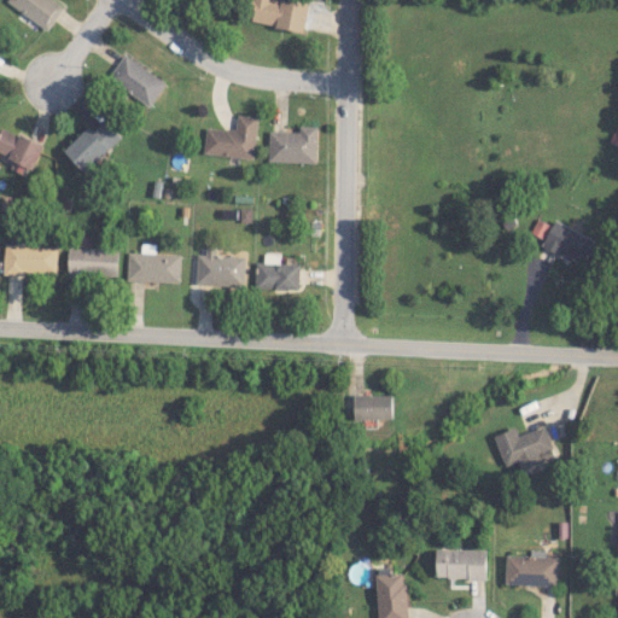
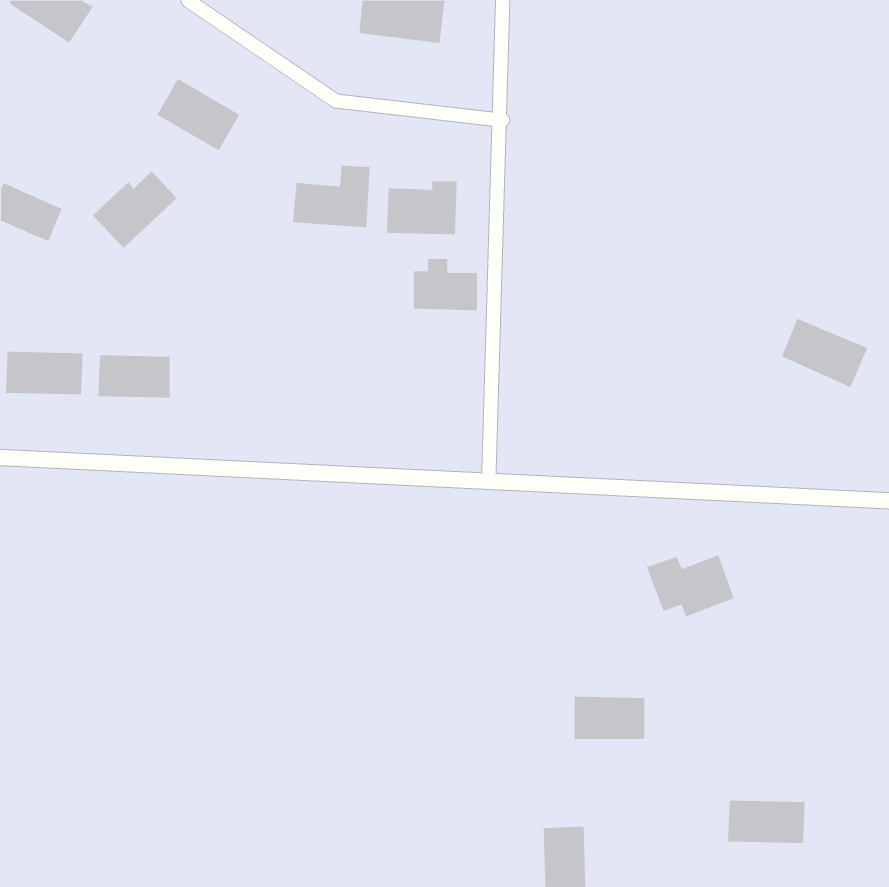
building: [127,253,181,284] -> none
building: [196,255,245,287] -> none
building: [255,255,299,291] -> [413,259,478,311]
building: [354,396,393,420] -> none
building: [494,427,555,471] -> [646,555,735,617]
building: [437,549,486,579] -> [574,696,645,740]

